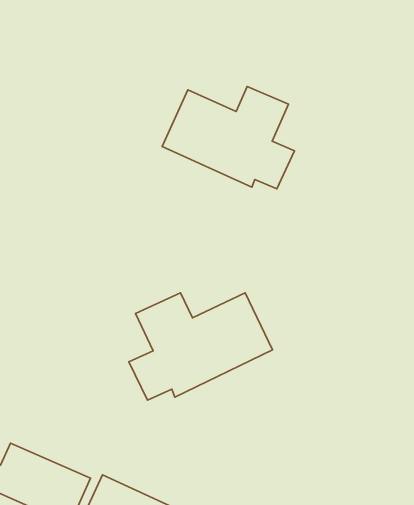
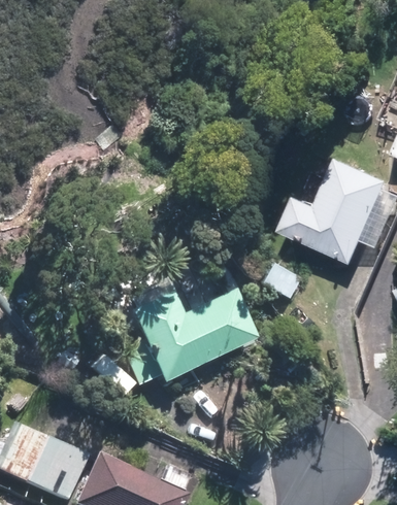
building: [162,86,294,189] -> none
building: none -> [278,156,387,263]

